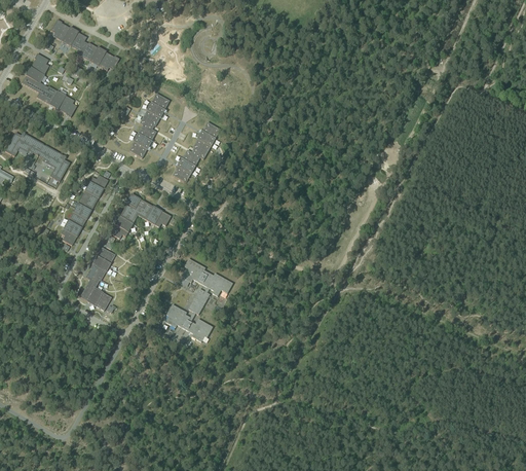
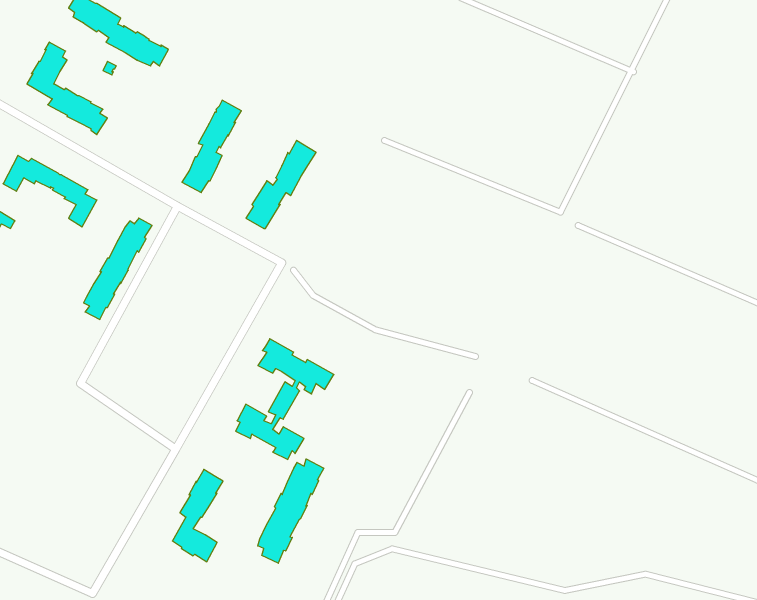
building: [109,193,171,239] -> none
building: [79,247,114,311] -> [172,469,223,562]
building: none -> [258,459,324,563]

